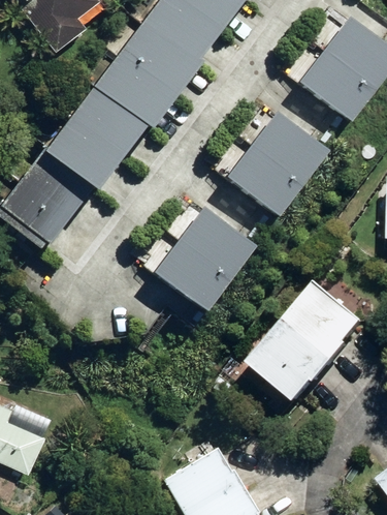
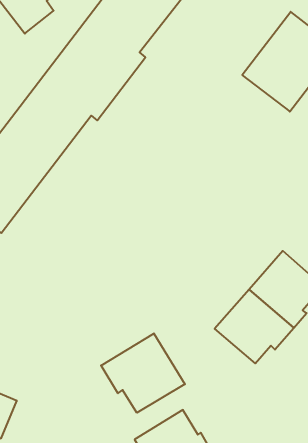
building: [218,123,318,225] -> none
building: [137,215,246,327] -> none
building: none -> [101,333,185,413]

